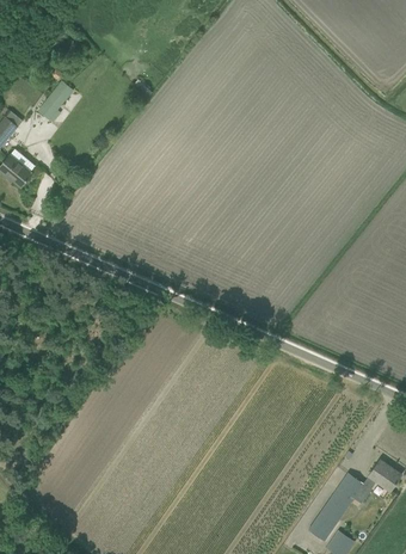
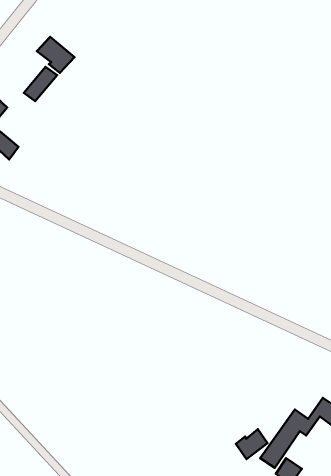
building: none -> [37,37,74,73]
building: none -> [236,429,267,459]

